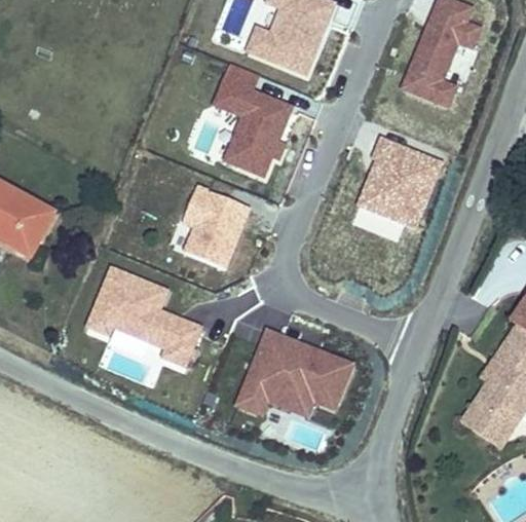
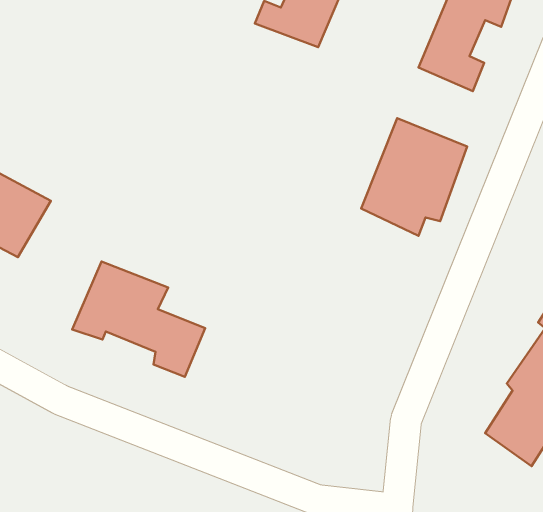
building: [214,63,294,175] -> none
building: [177,183,251,270] -> none
building: [232,326,354,416] -> none

